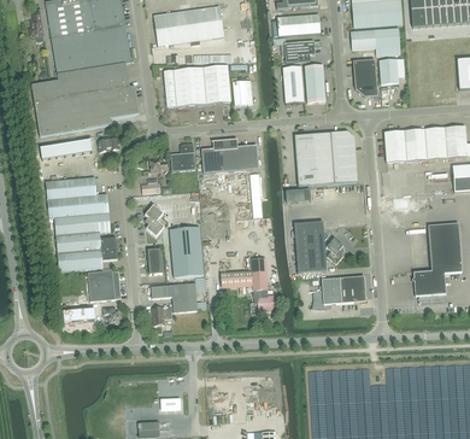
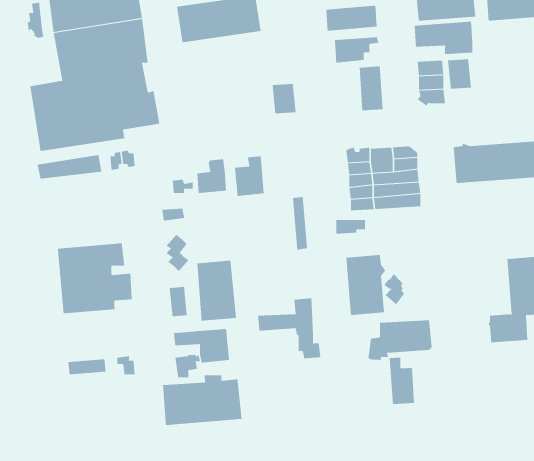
building: [164,64,230,106] -> none
building: [283,65,304,104] -> none
building: [224,137,258,170] -> none
building: [46,176,108,217] -> none
building: [88,269,121,300] -> none
building: none -> [389,357,414,405]
building: none -> [162,374,242,426]

